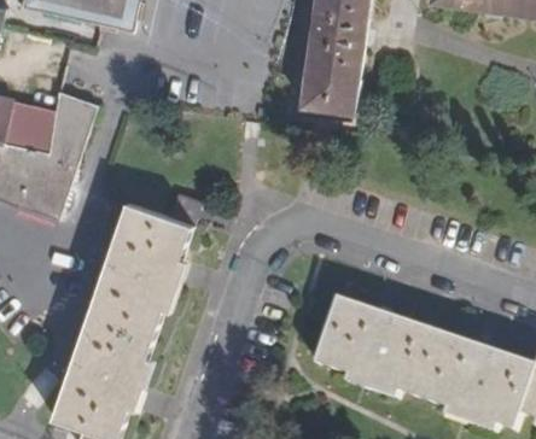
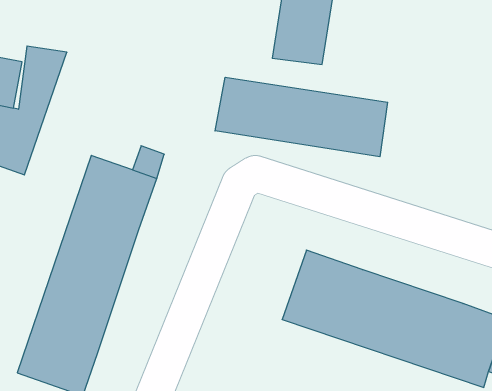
building: none -> [215,77,388,157]

